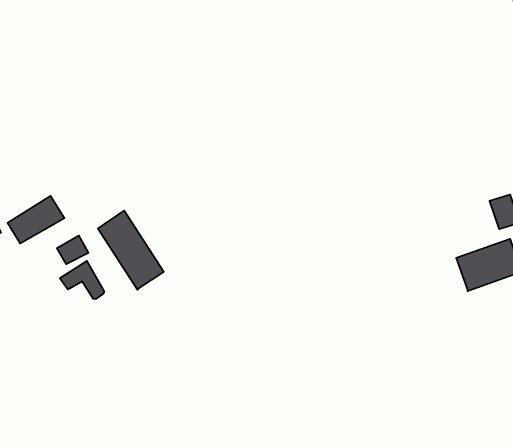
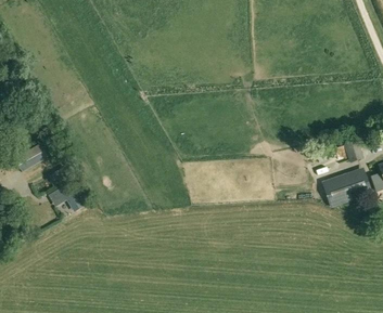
building: [98,211,164,290] -> none

